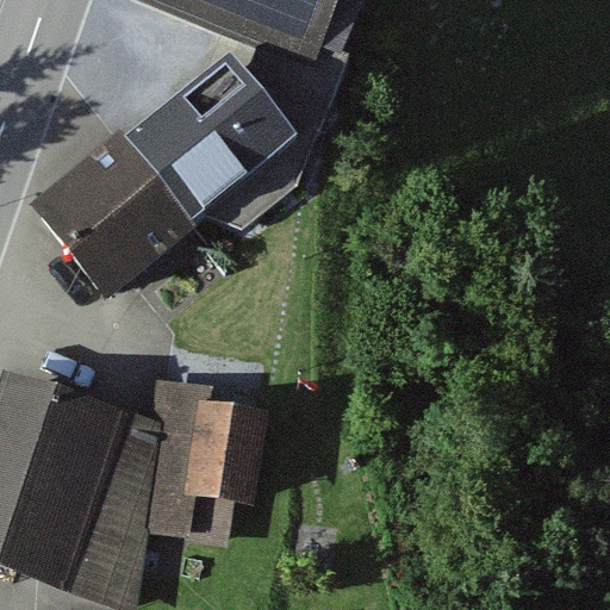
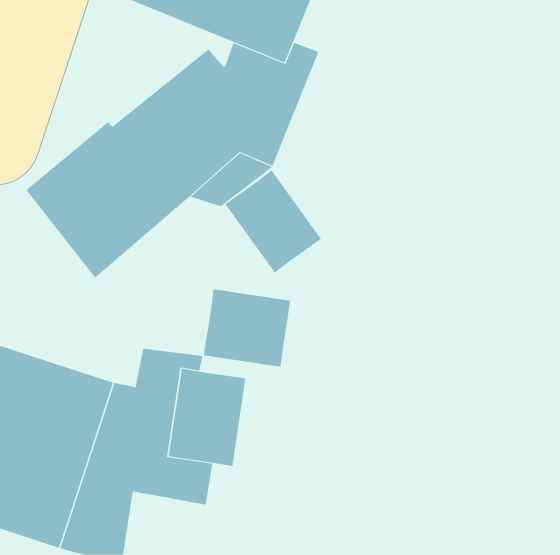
building: none -> [224,170,322,273]
building: none -> [203,288,291,368]

